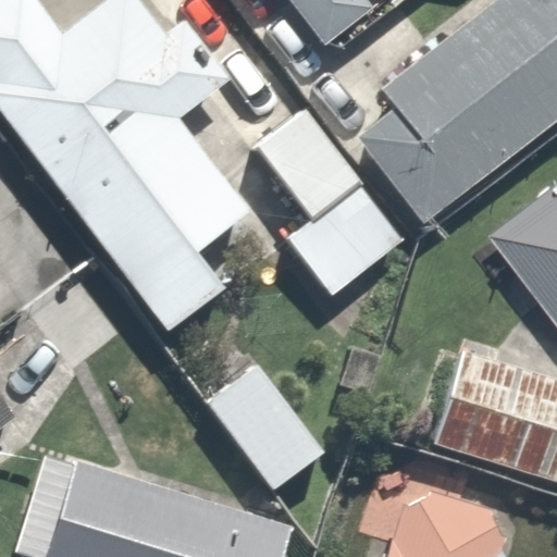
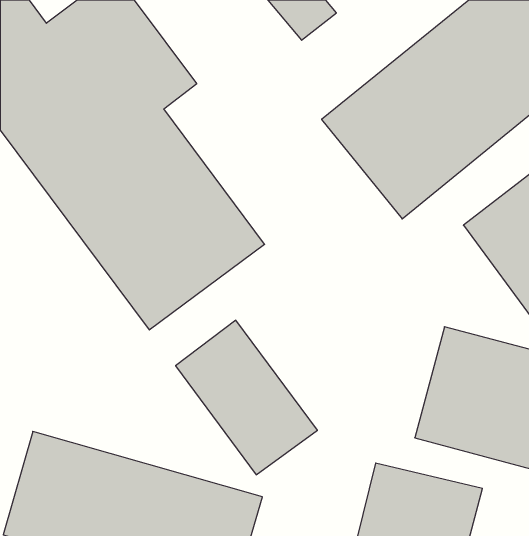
building: [247,101,407,297] -> none

